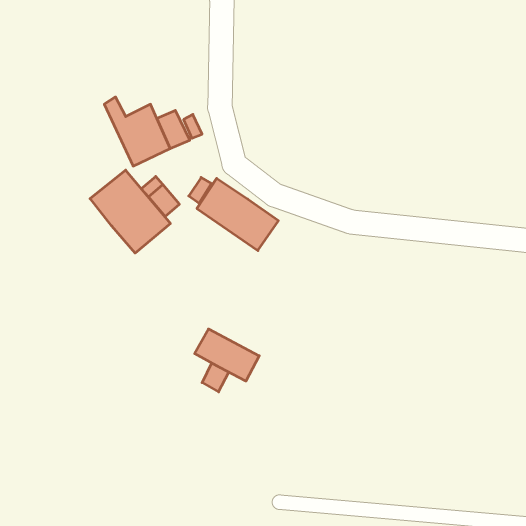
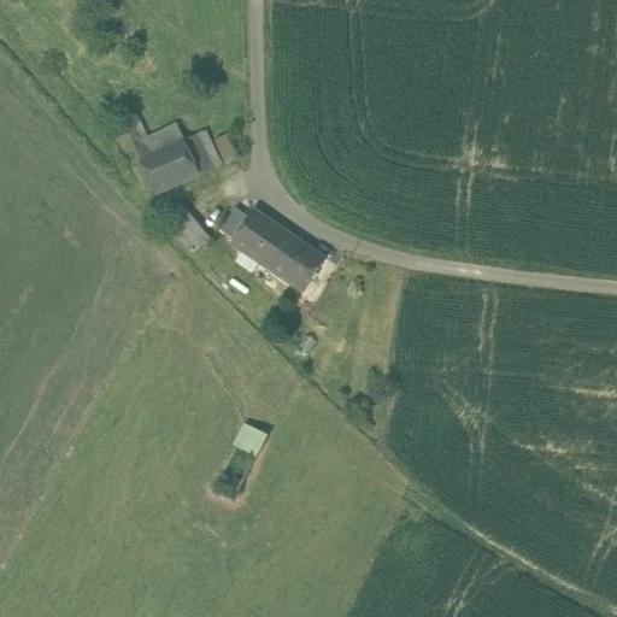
building: [90,170,170,253] -> none
building: [195,329,259,381] -> none

